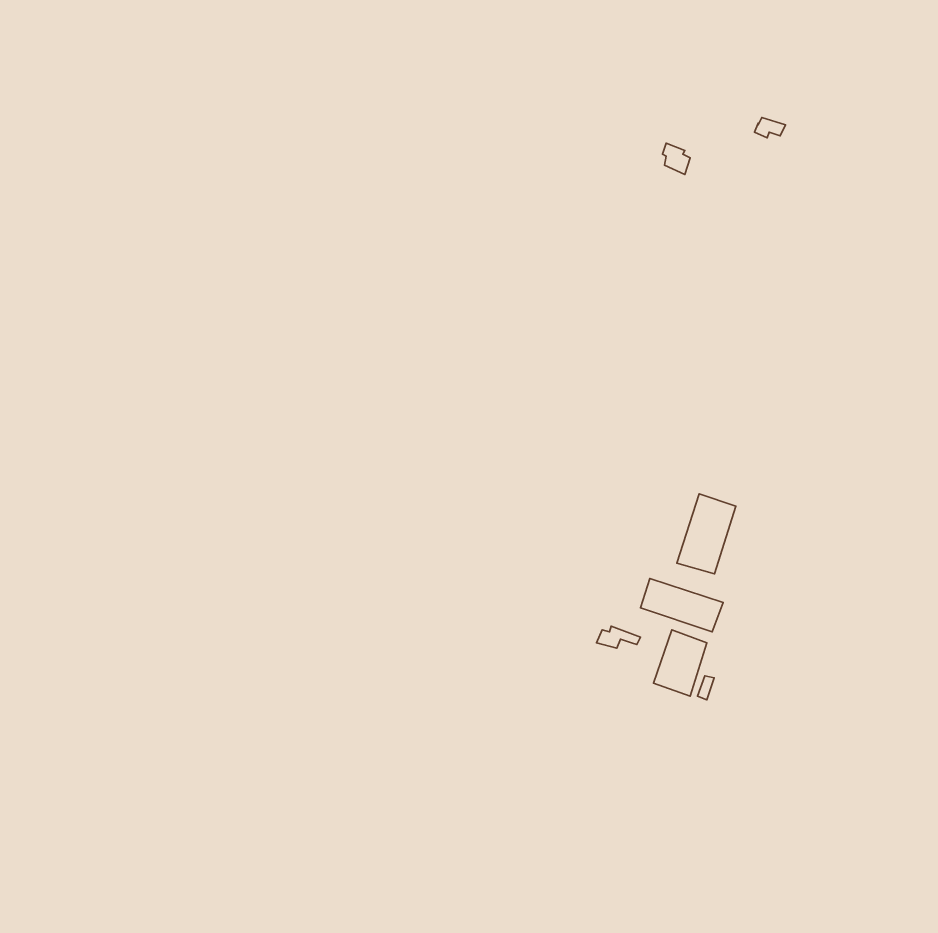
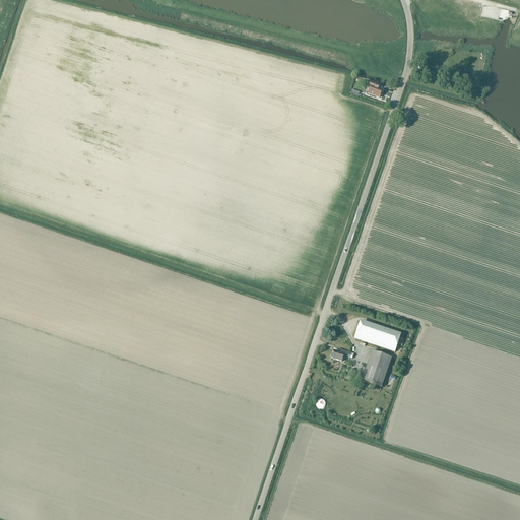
building: [677,494,736,574] -> none

